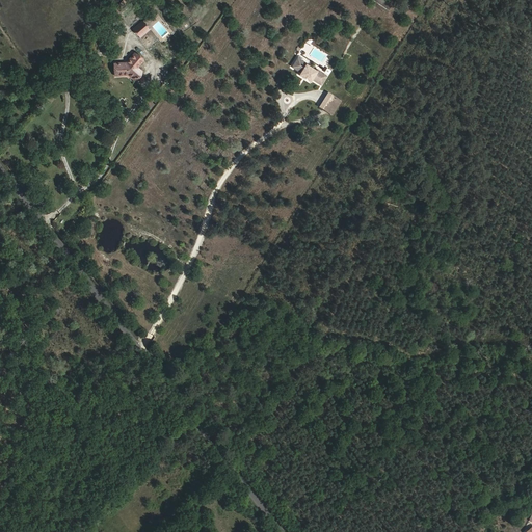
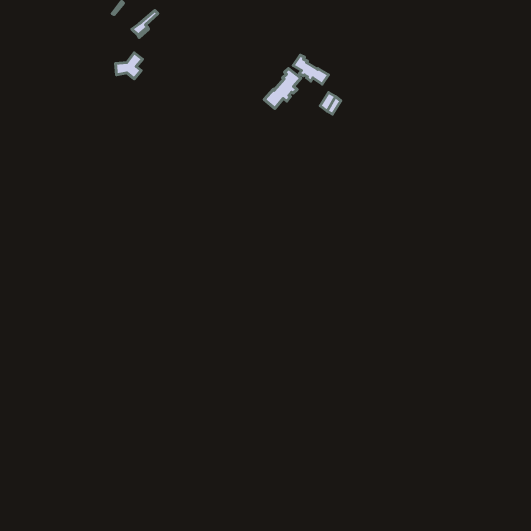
building: none -> [264,68,301,108]

